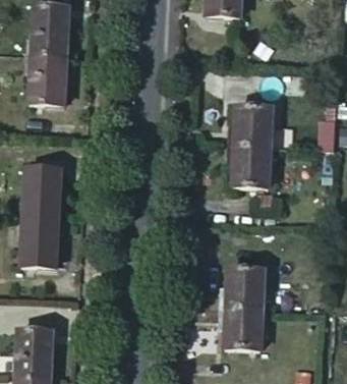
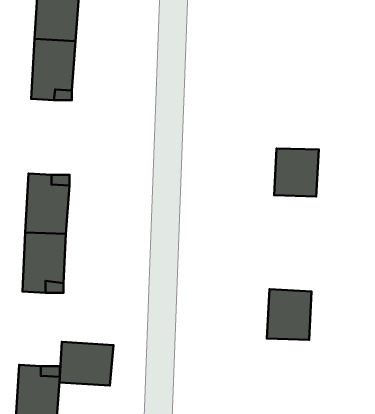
building: [235,102,272,146] -> none
building: [225,306,263,348] -> none
building: none -> [60,342,113,385]

